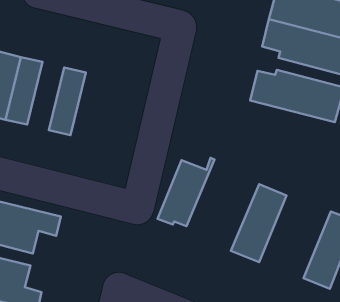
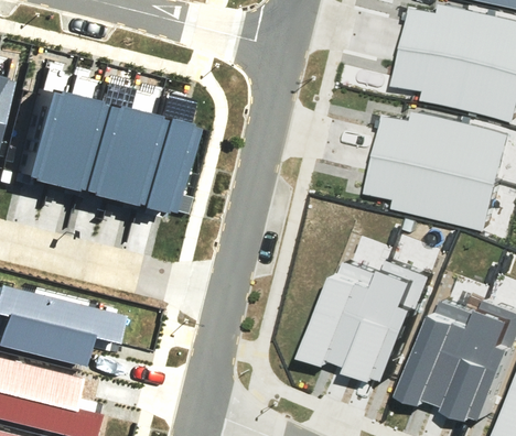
building: none -> [76,102,127,196]
building: none -> [136,117,186,210]
building: none -> [372,155,497,232]
building: [157,158,215,226] -> [315,268,394,361]
building: none -> [413,304,492,399]

